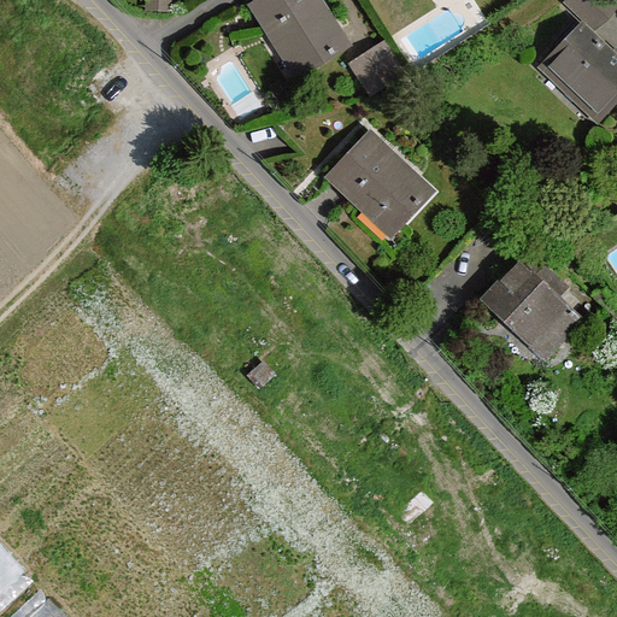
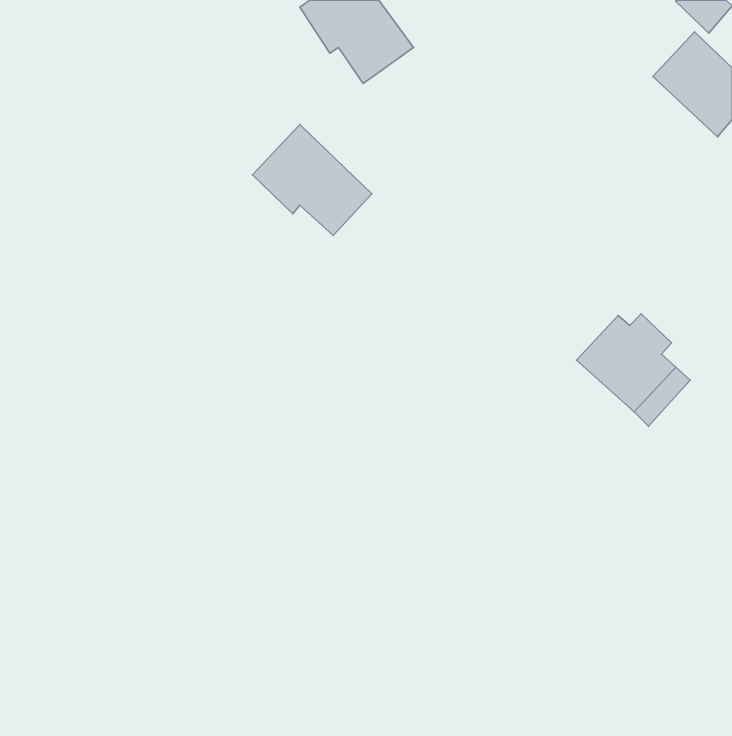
building: [351,43,402,95] -> none
building: [329,135,429,228] -> [252,125,372,235]

